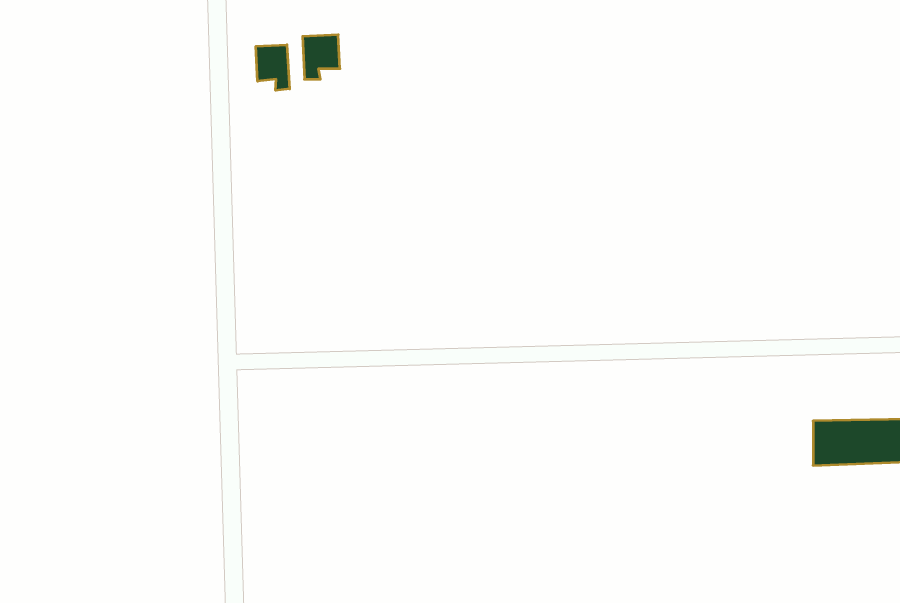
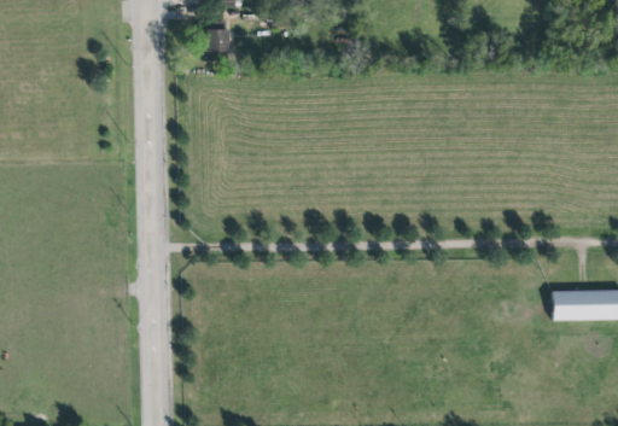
building: [256,45,290,90] -> none

